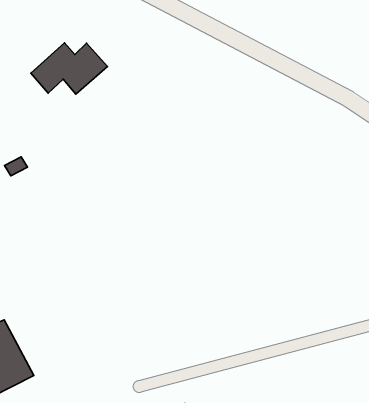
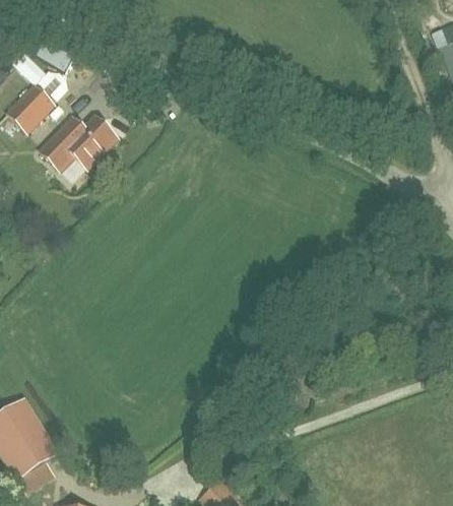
building: none -> [11,83,57,129]

